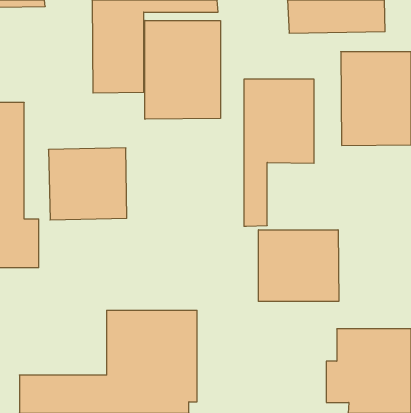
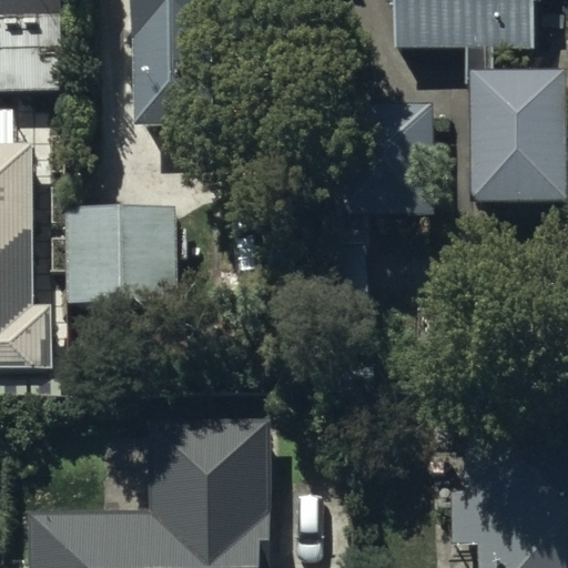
building: [145,20,220,119] -> none
building: [258,230,339,301] -> none

